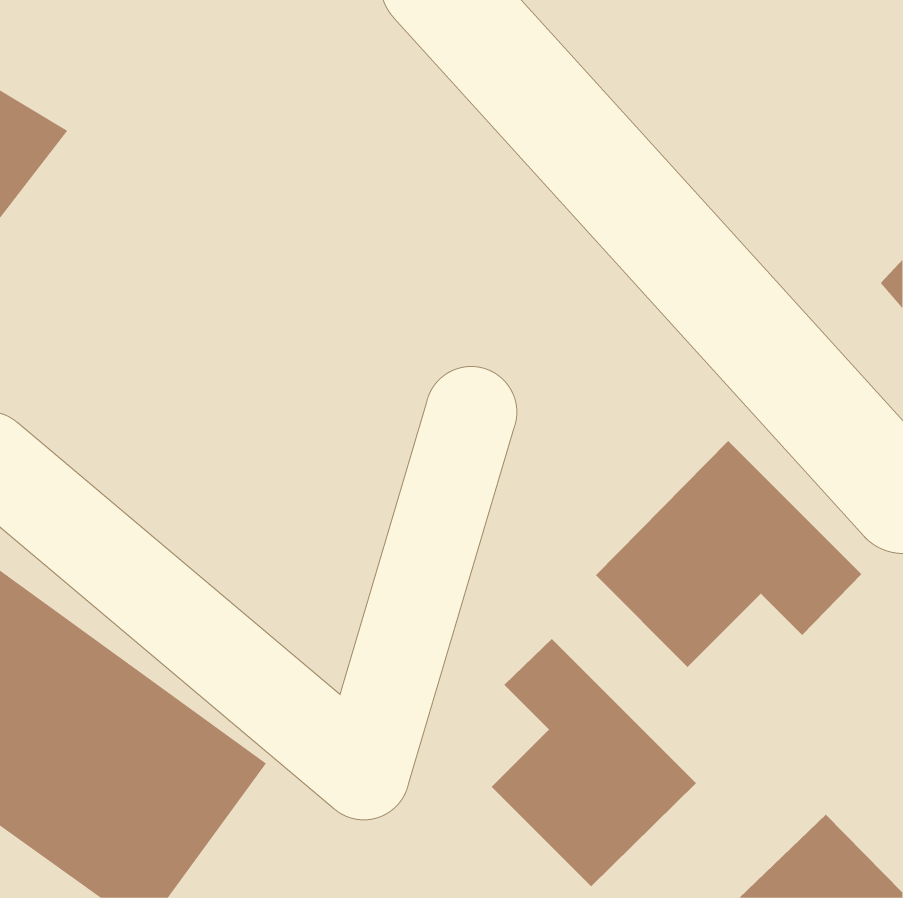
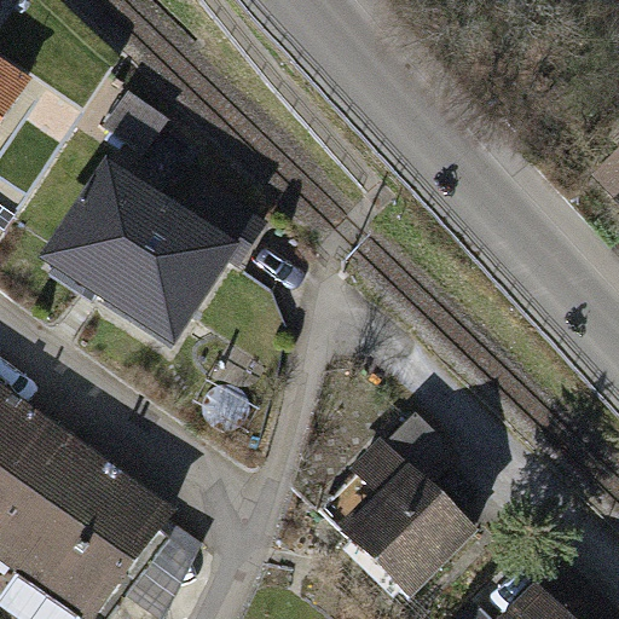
building: none -> [44,161,267,348]
building: [595,440,862,668] -> none

